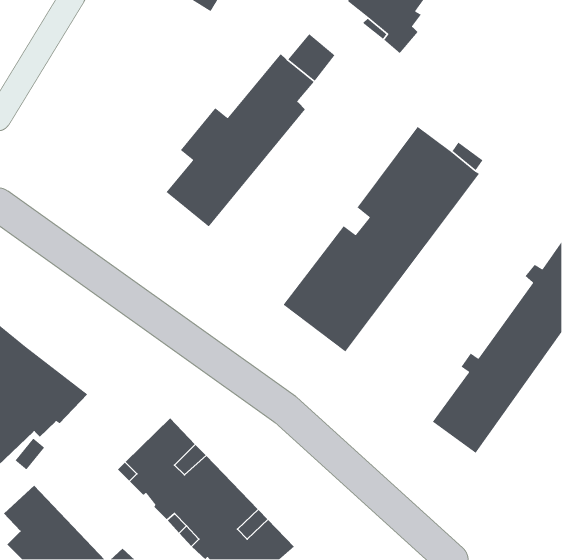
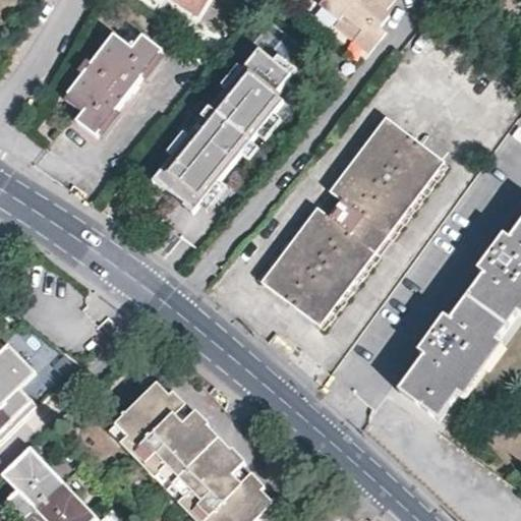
building: none -> [67,26,161,134]

